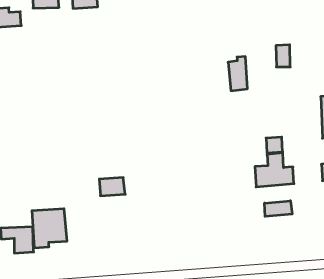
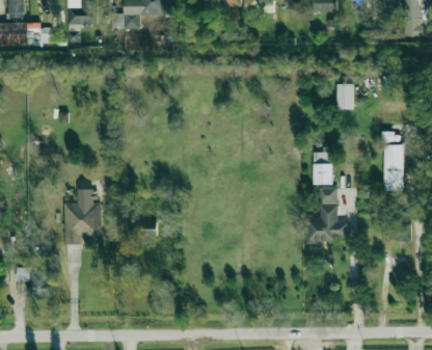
building: [228,57,247,91] -> [313,147,332,185]
building: [265,201,292,216] -> none
building: [32,209,67,248] -> [64,203,102,244]

